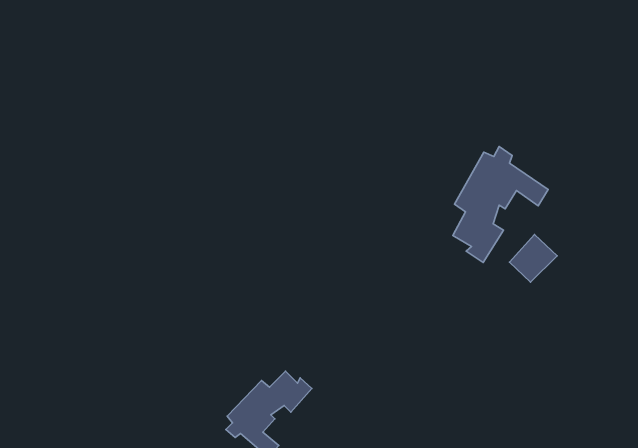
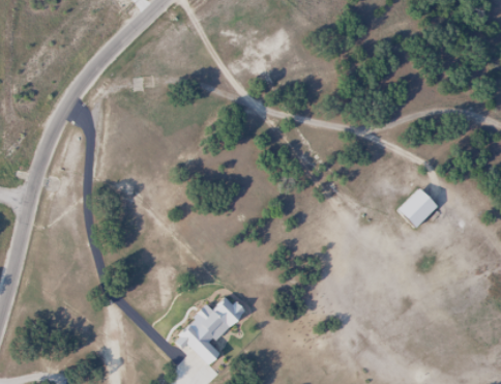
building: [453,147,548,263] -> none

